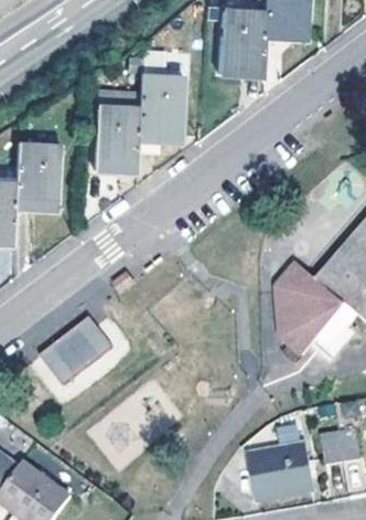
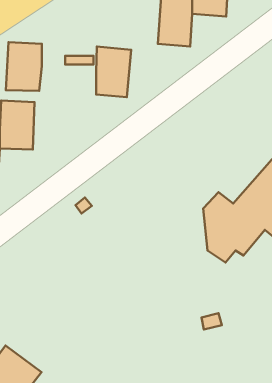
building: [93,106,139,169] -> [6,42,42,91]
building: [39,314,112,382] -> none
building: [320,426,360,461] -> none
building: [249,441,312,498] -> none

